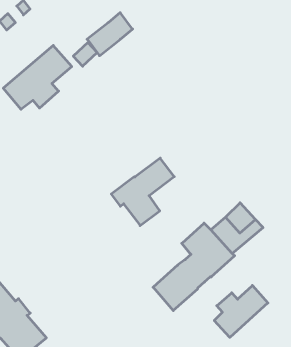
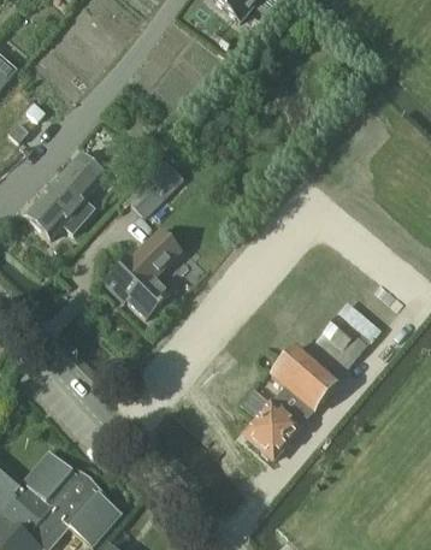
building: [87,13,133,56] -> [128,160,182,217]
building: [111,158,174,226] -> [106,230,181,317]
building: [214,285,268,337] -> none

